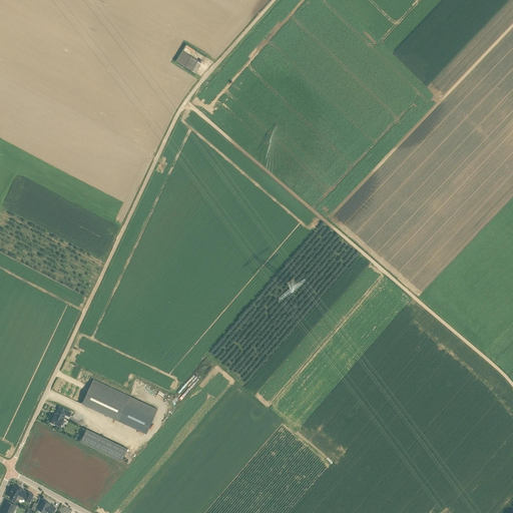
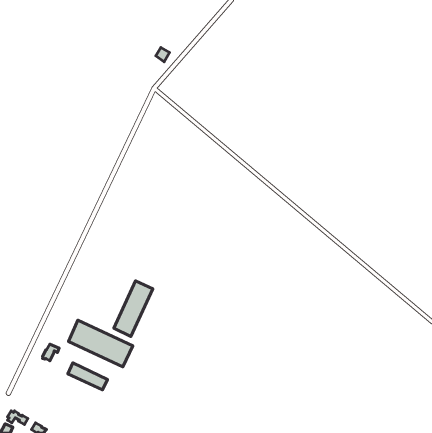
building: none -> [114,281,153,337]

